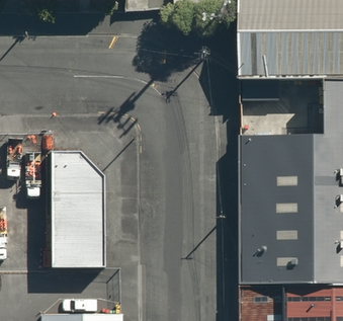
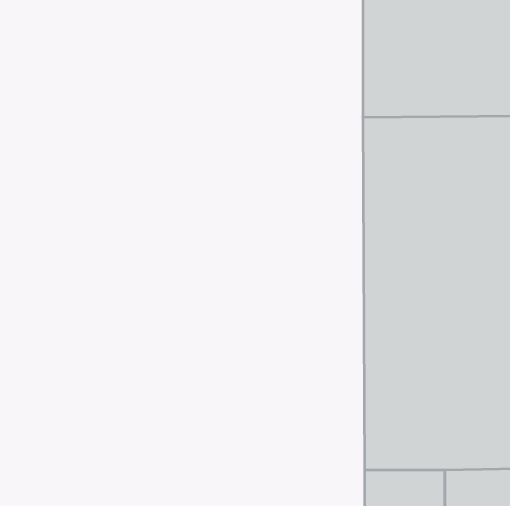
building: [51,153,106,267] -> none

